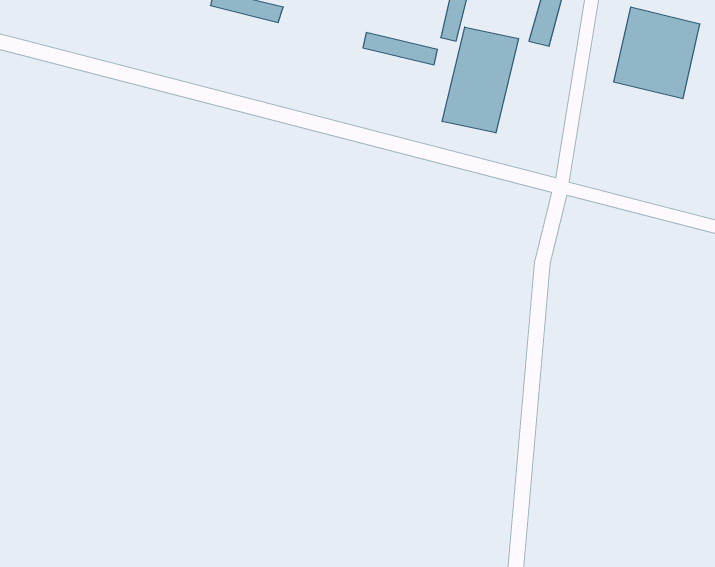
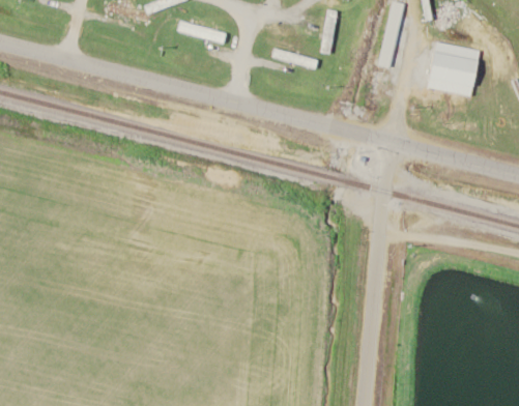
building: [442,27,518,133] -> none

